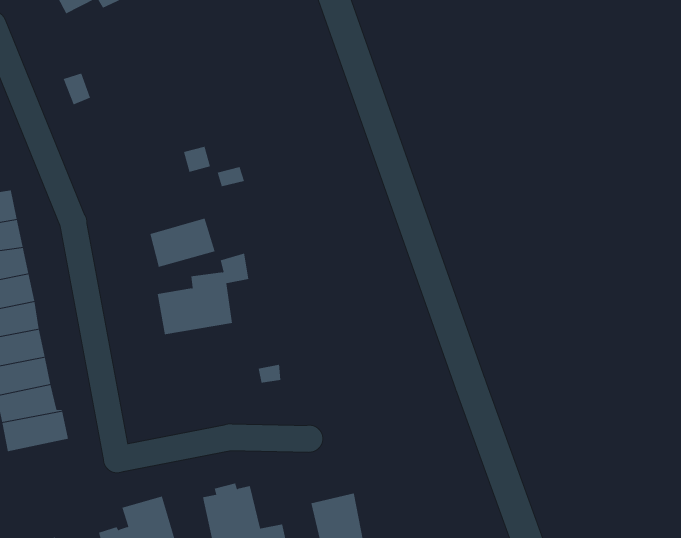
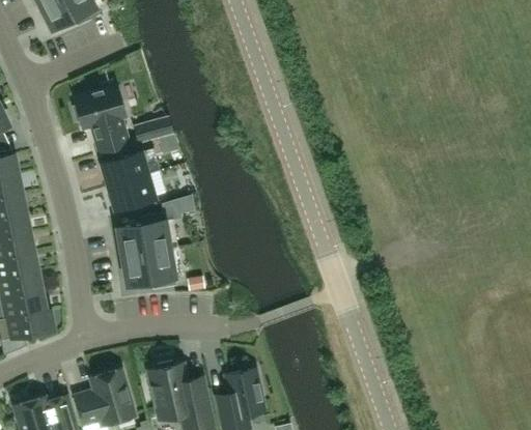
building: none -> [73,85,129,151]
building: none -> [104,149,150,184]
building: none -> [121,248,176,289]

